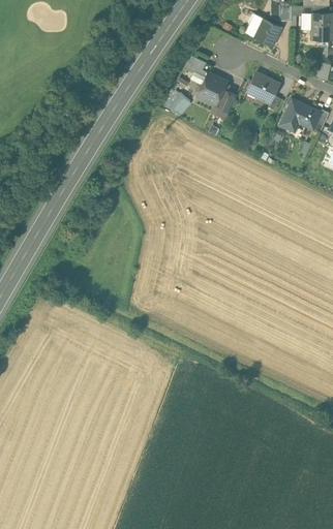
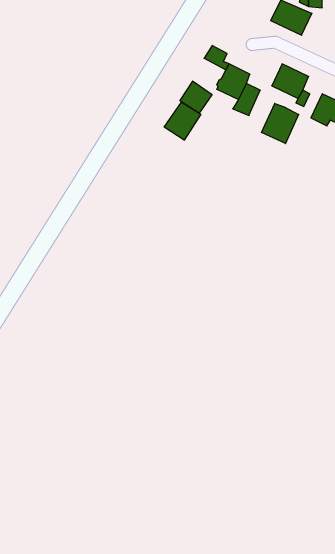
building: none -> [164,102,201,140]
building: none -> [262,103,299,144]

